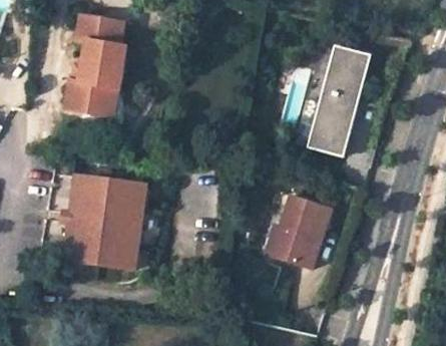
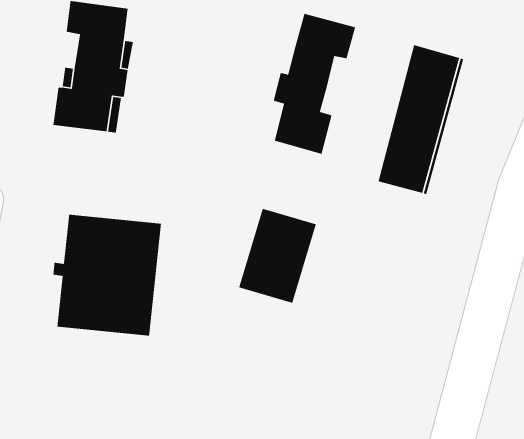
building: none -> [273,13,356,155]
building: [270,199,329,271] -> [238,208,317,304]

